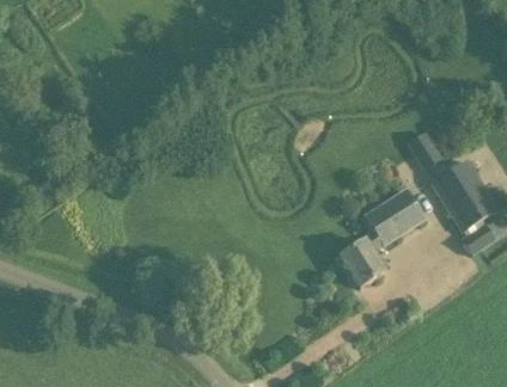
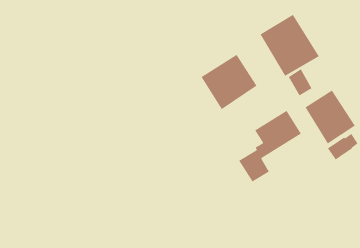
building: none -> [260,14,320,77]
building: none -> [200,54,257,110]

